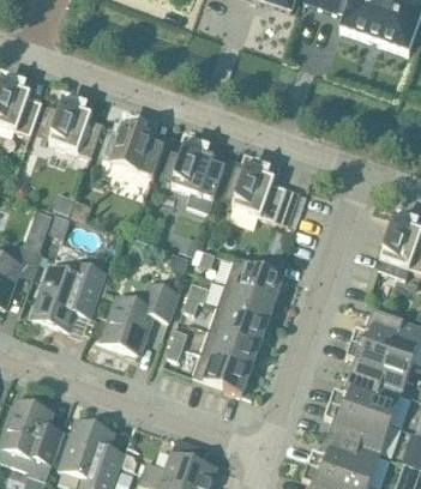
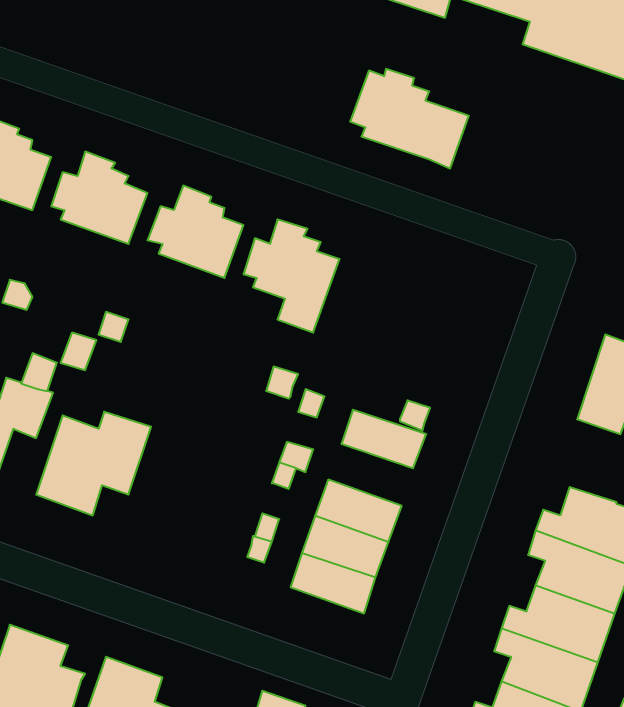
building: [224,163,300,227] -> [350,69,469,169]
building: [96,282,179,354] -> none
building: [218,284,272,324] -> none

